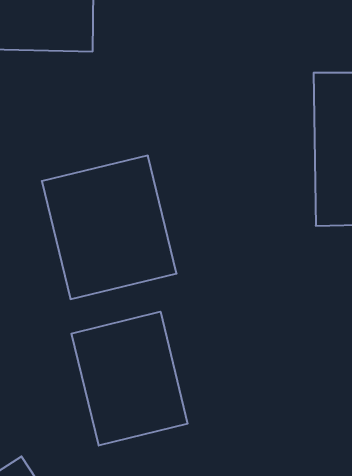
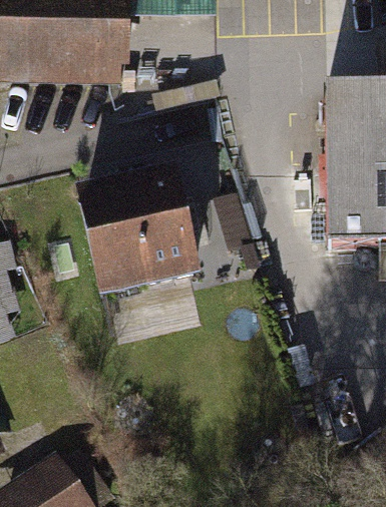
building: [71,312,188,446] -> none

